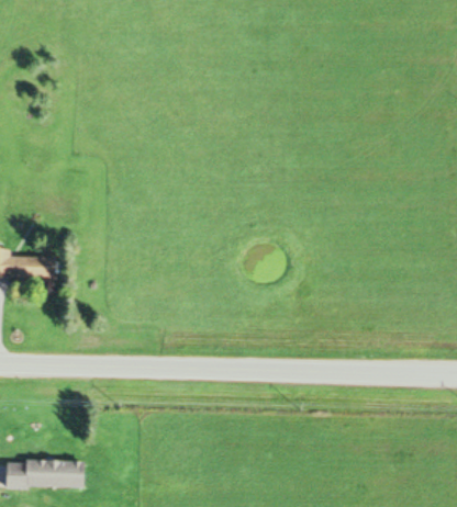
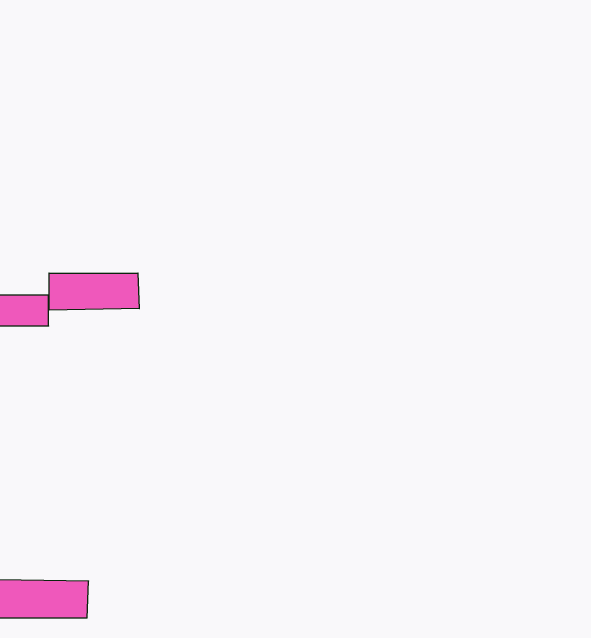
building: none -> [49,273,139,310]

